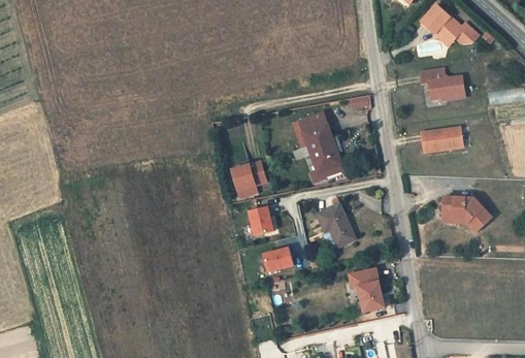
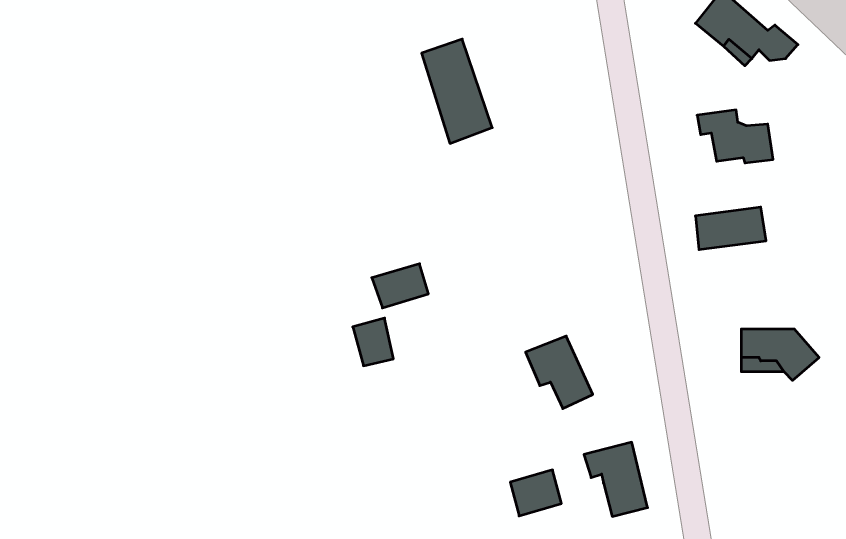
building: [301,115,342,175] -> [422,39,492,143]
building: [250,207,273,235] -> [353,318,393,366]
building: [265,248,295,274] -> [510,470,561,516]

